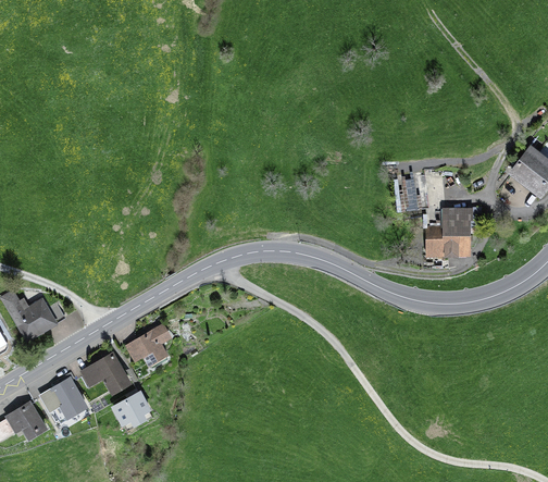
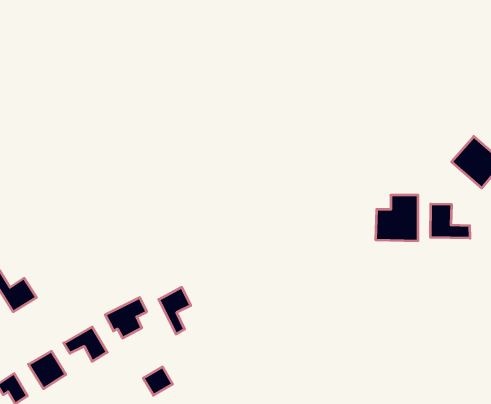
building: none -> [431,204,470,238]
building: none -> [159,287,191,334]
building: [119,393,150,423] -> [143,367,173,395]

